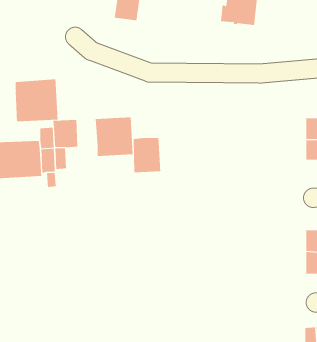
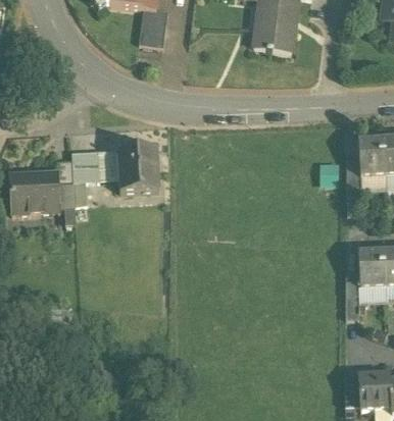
building: [15,79,58,122] -> none
building: none -> [98,150,119,180]
building: [133,137,161,173] -> none

